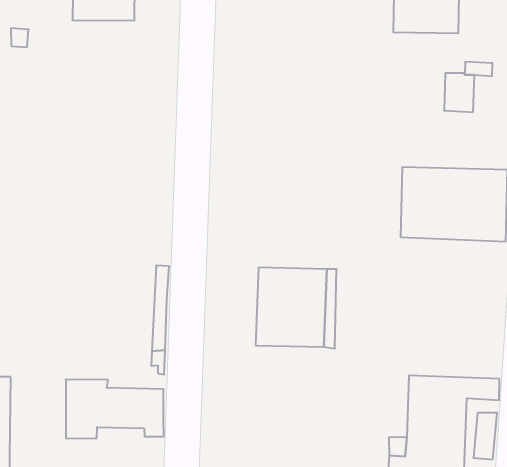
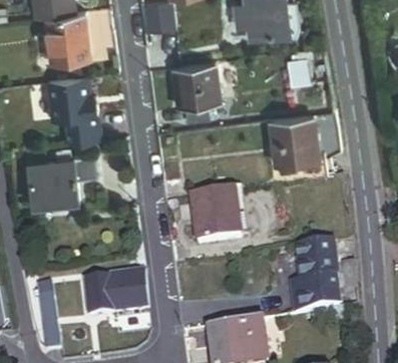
building: none -> [45,75,100,143]
building: none -> [173,58,217,115]
building: none -> [29,156,78,203]

